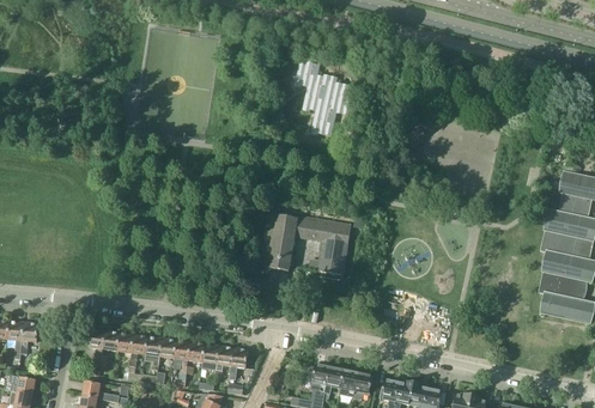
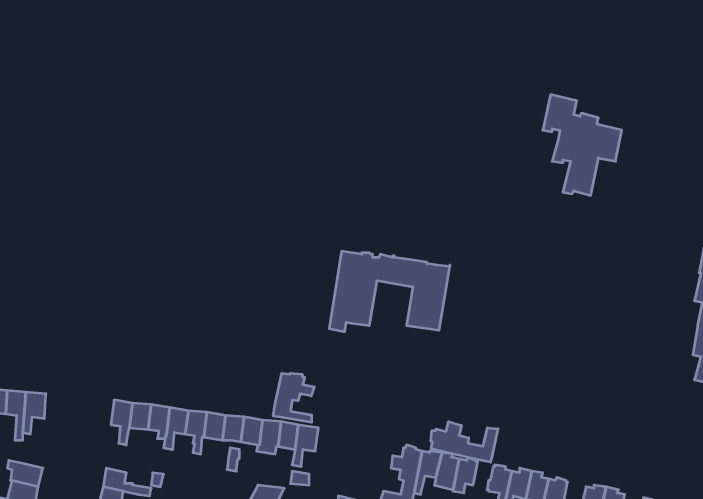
building: [295,57,356,135] -> [543,95,622,195]
building: none -> [273,373,314,422]
building: none -> [431,422,498,462]

